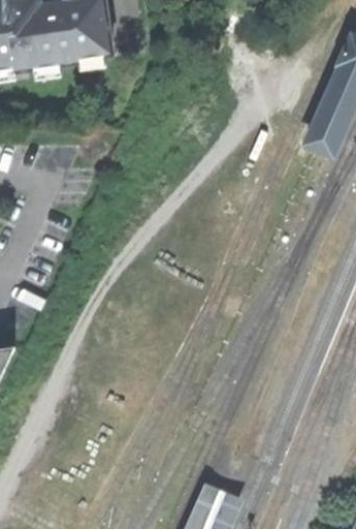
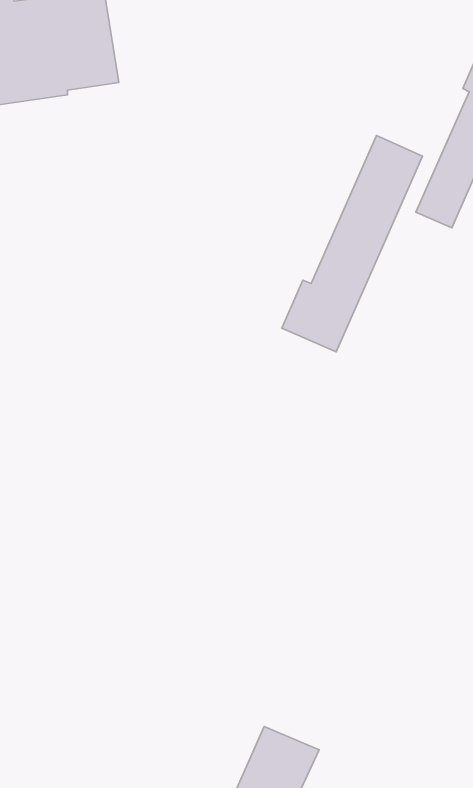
building: none -> [282,136,422,352]

